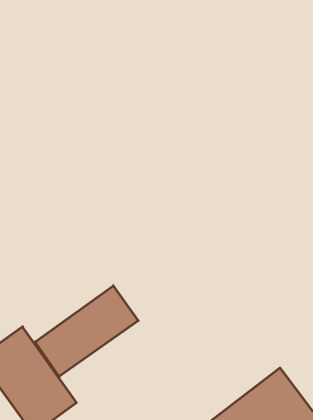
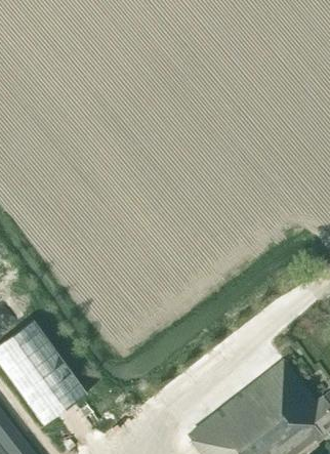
building: [35,286,138,377] -> none

